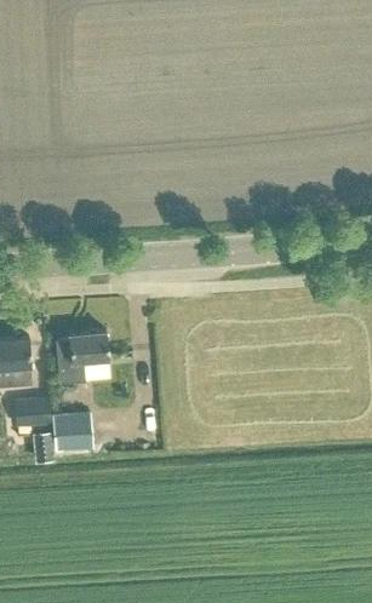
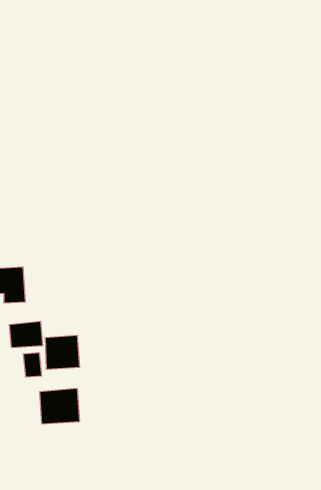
building: [55,334,108,385] -> none
building: none -> [40,388,79,424]

